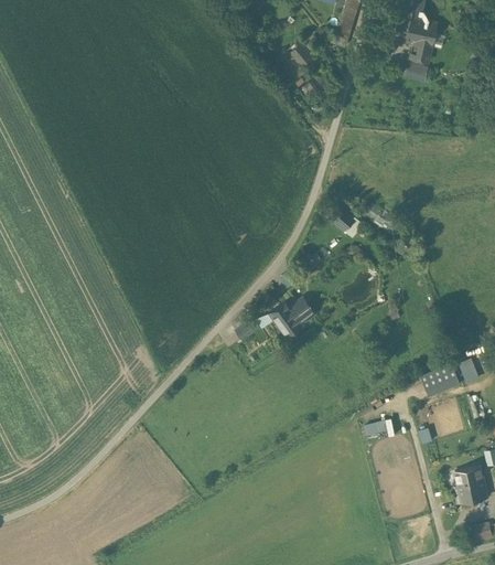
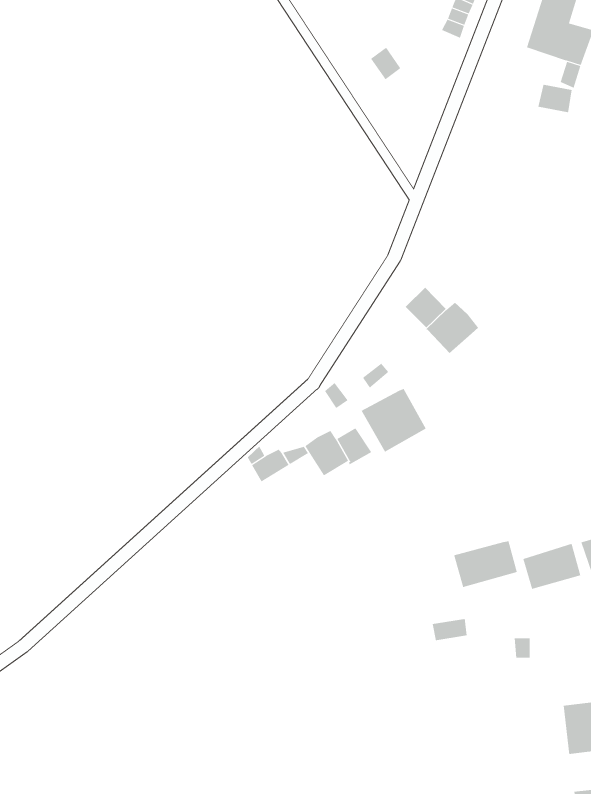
building: none -> [425,302,479,354]
building: none -> [361,388,426,453]
building: none -> [454,541,518,588]

